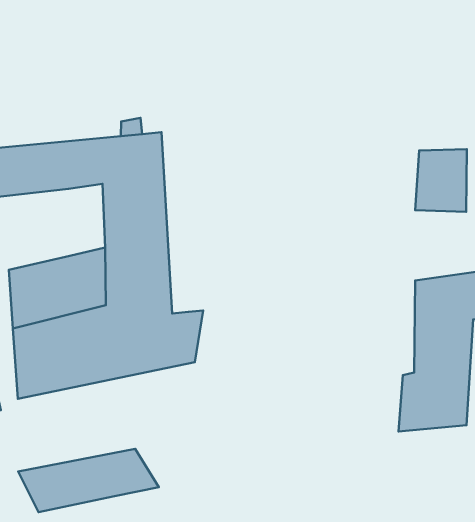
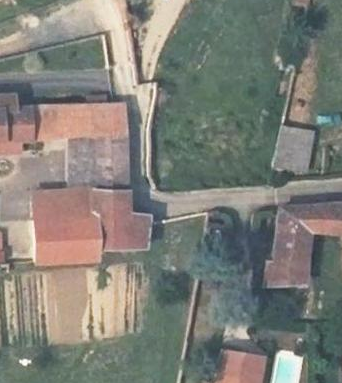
building: none -> [71,131,95,173]
building: [18,449,159,512] -> none

